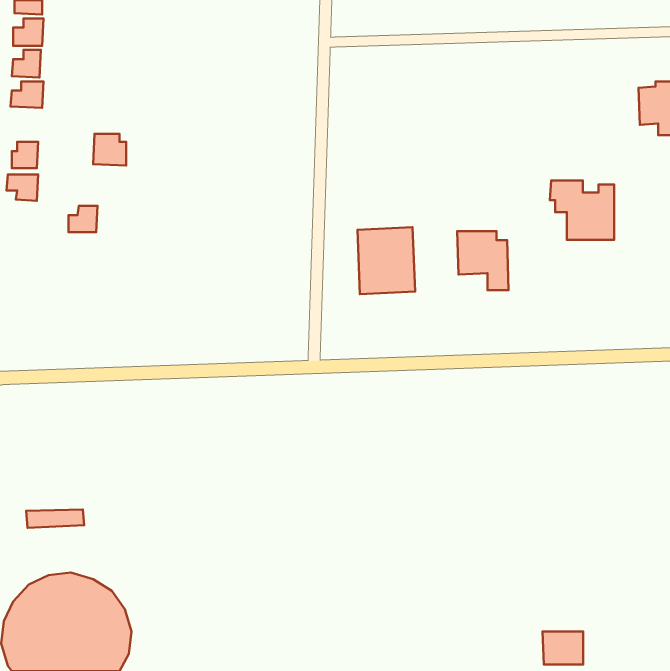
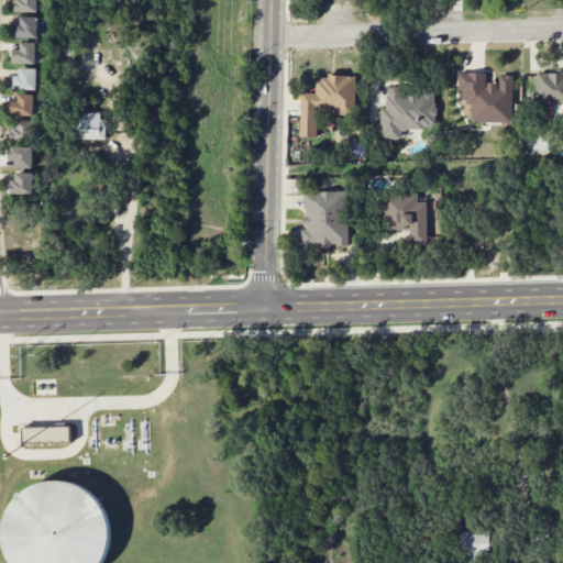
building: none -> [300,74,354,136]
building: none -> [379,88,433,136]
building: none -> [8,93,34,115]
building: [550,181,614,240] -> [457,73,511,122]
building: [68,206,97,232] -> [8,172,32,194]

